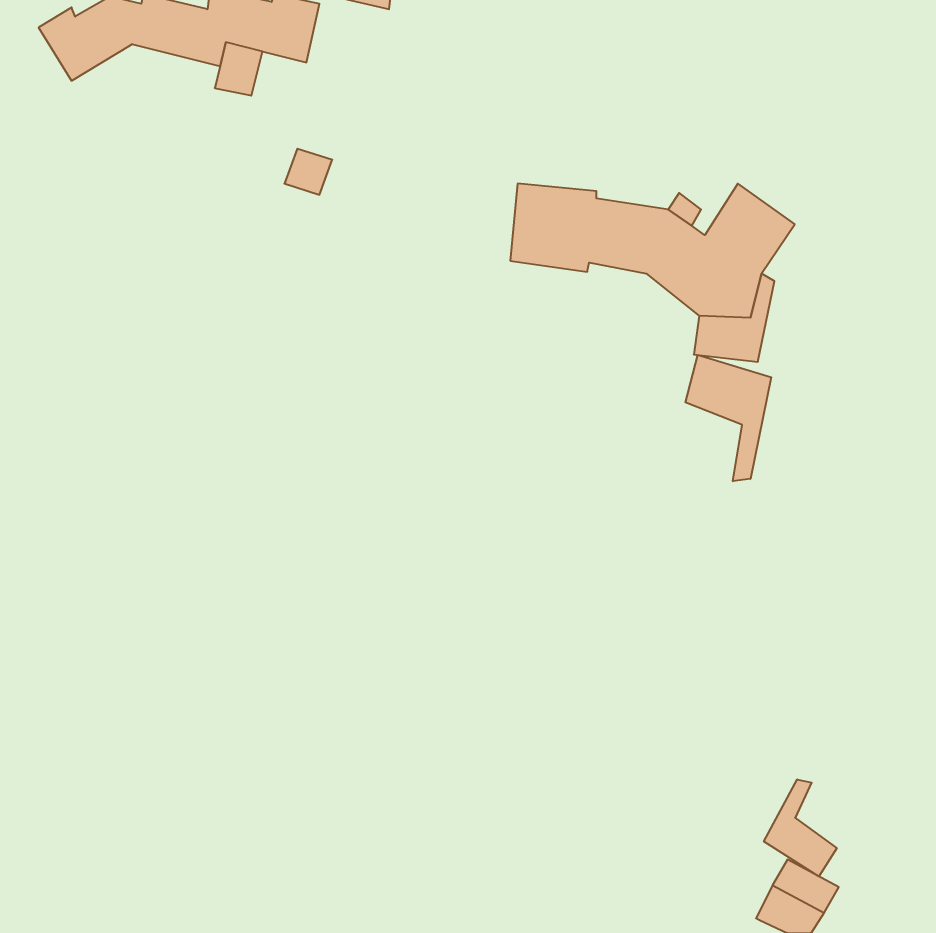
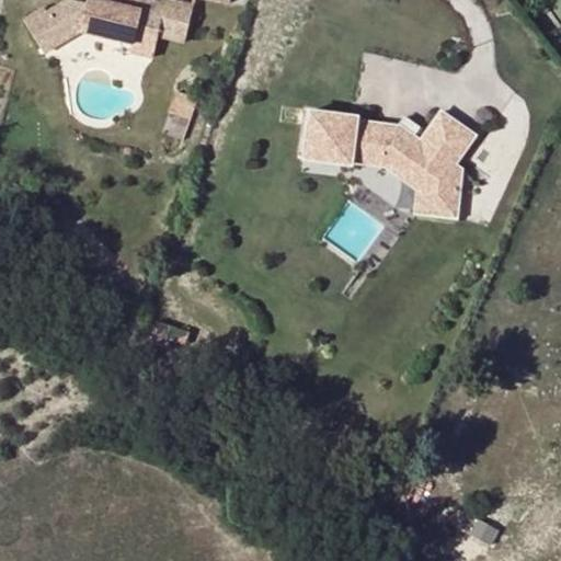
building: [685,355,771,481] -> none
building: [764,779,837,876] -> none

